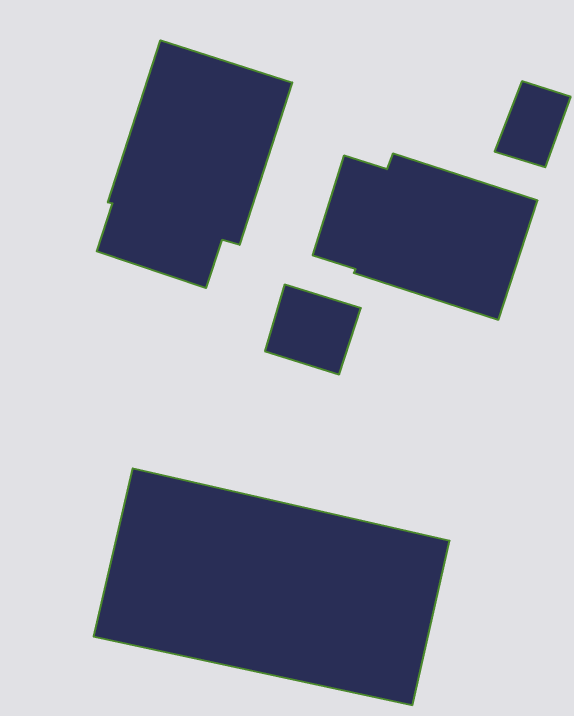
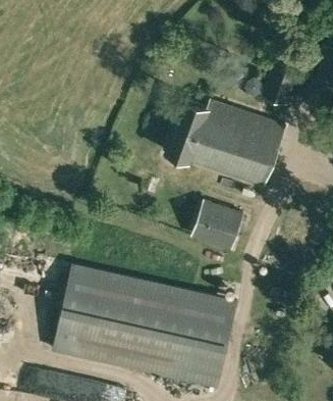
building: [97,40,292,288] -> none
building: [265,285,361,374] -> [192,202,242,249]

